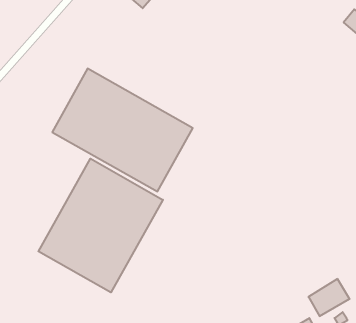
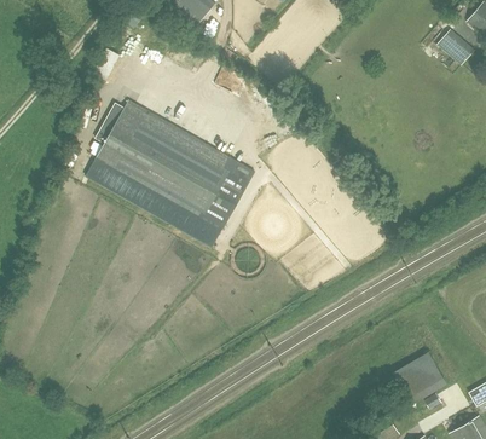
building: [38,159,163,292] -> none

